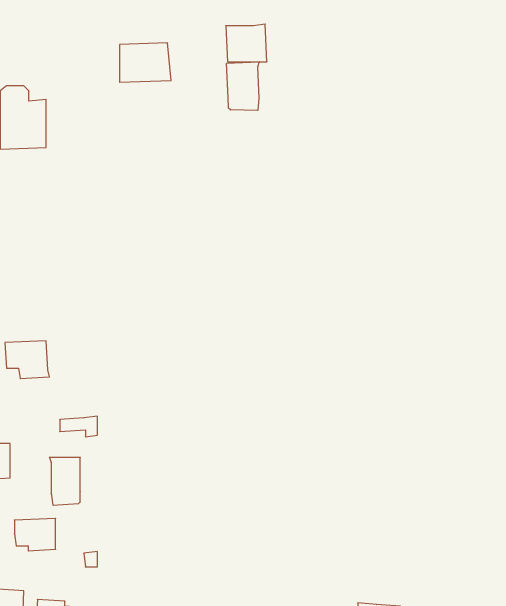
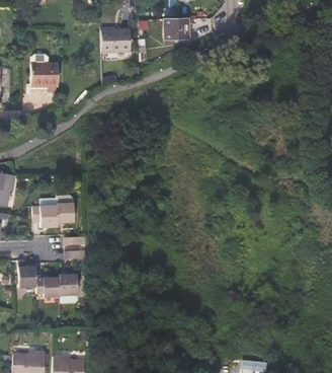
building: [227,62,259,110] -> none
building: none -> [58,196,75,222]
building: [14,518,56,551] -> [36,277,61,296]

